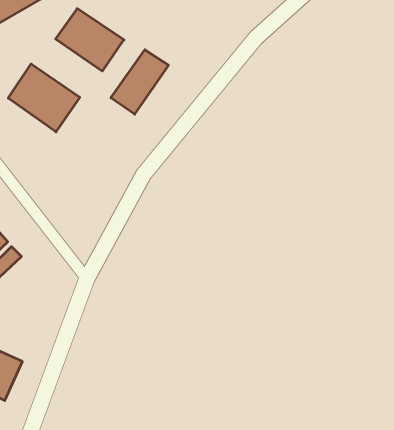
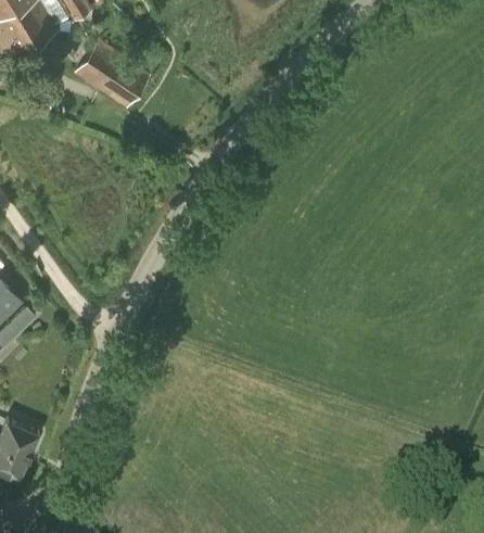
building: [111,50,168,114] -> none
building: [8,64,80,132] -> none

